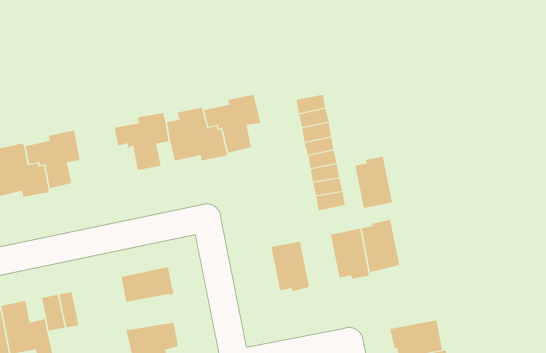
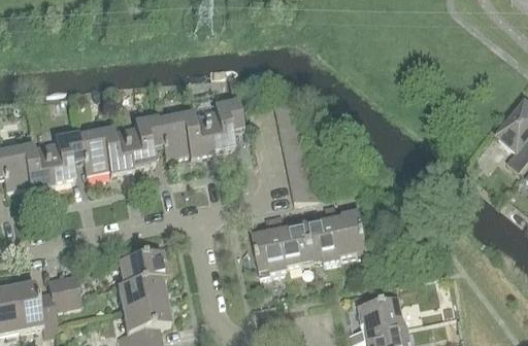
building: none -> [78,126,133,174]
building: [355,156,393,212] -> [277,220,311,270]
building: none -> [118,276,165,308]

